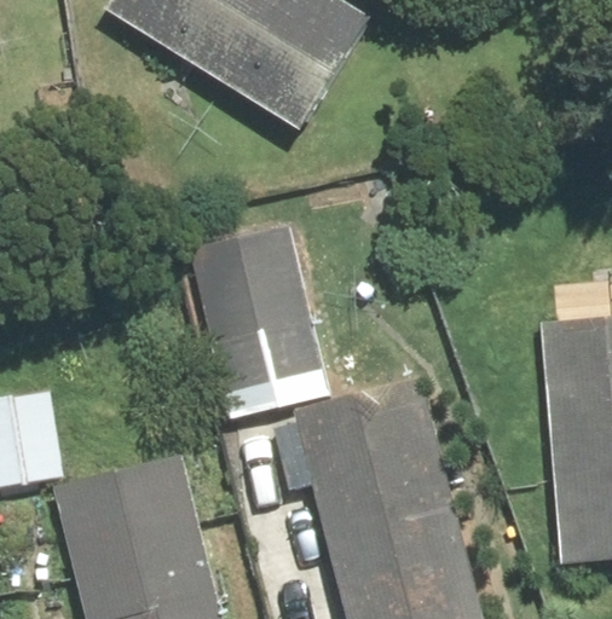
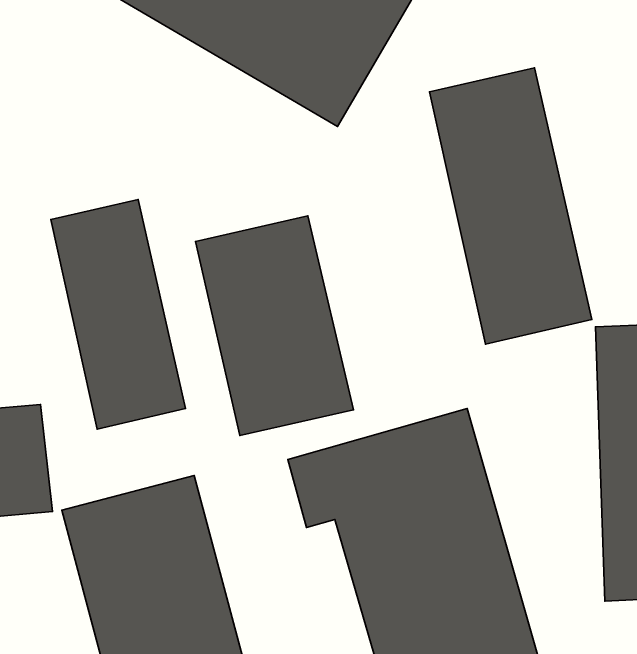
building: none -> [429,68,592,344]
building: none -> [51,199,186,429]

